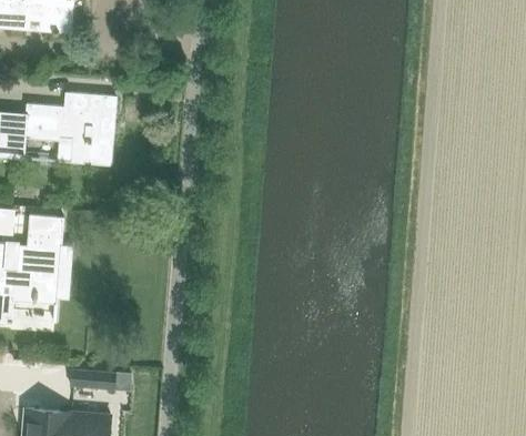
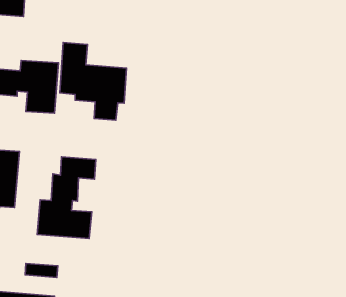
building: none -> [60,43,127,120]
building: none -> [37,157,96,238]

